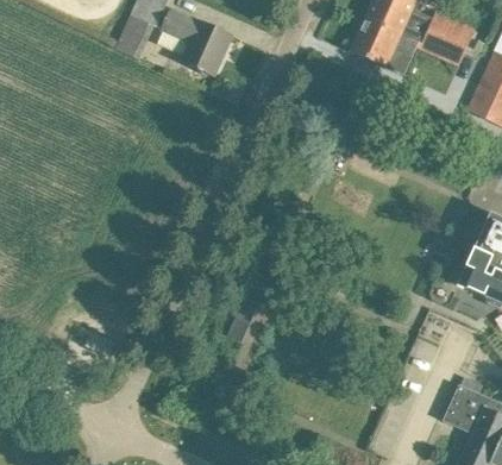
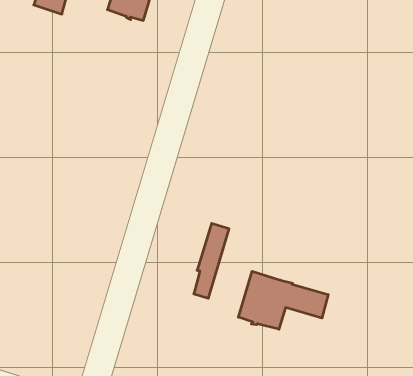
building: none -> [238,271,328,329]

